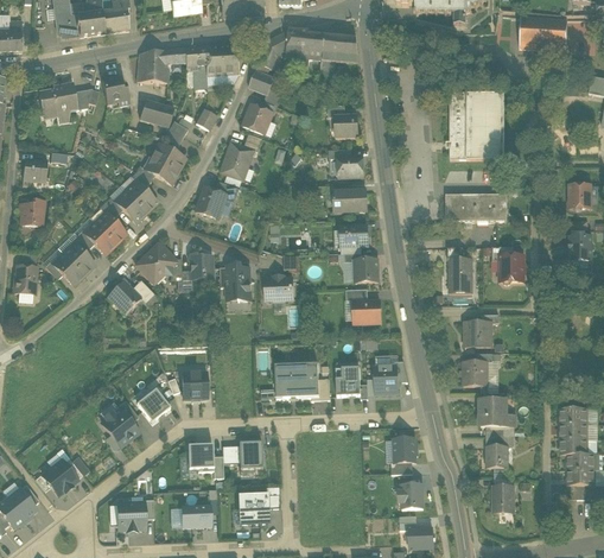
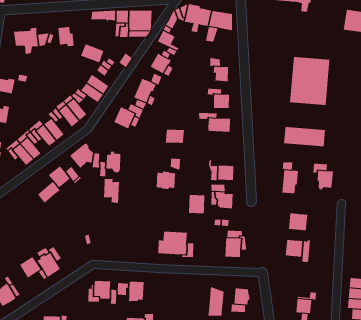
building: [136,52,167,82] -> none
building: [341,226,368,247] -> [165,129,185,144]
building: [225,265,250,300] -> [103,178,120,203]
building: none -> [37,181,61,204]
building: [336,367,361,395] -> [188,195,205,214]
building: [182,373,208,399] -> none
building: [136,389,170,423] -> [19,256,41,279]
building: [481,399,514,425] -> none
building: none -> [208,286,224,316]

